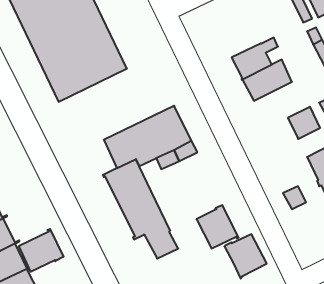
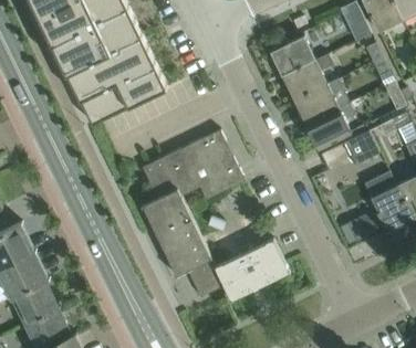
building: none -> [270,35,314,76]
building: none -> [306,103,355,148]
building: [19,229,63,272] -> none
building: [224,234,267,279] -> [214,254,260,303]

